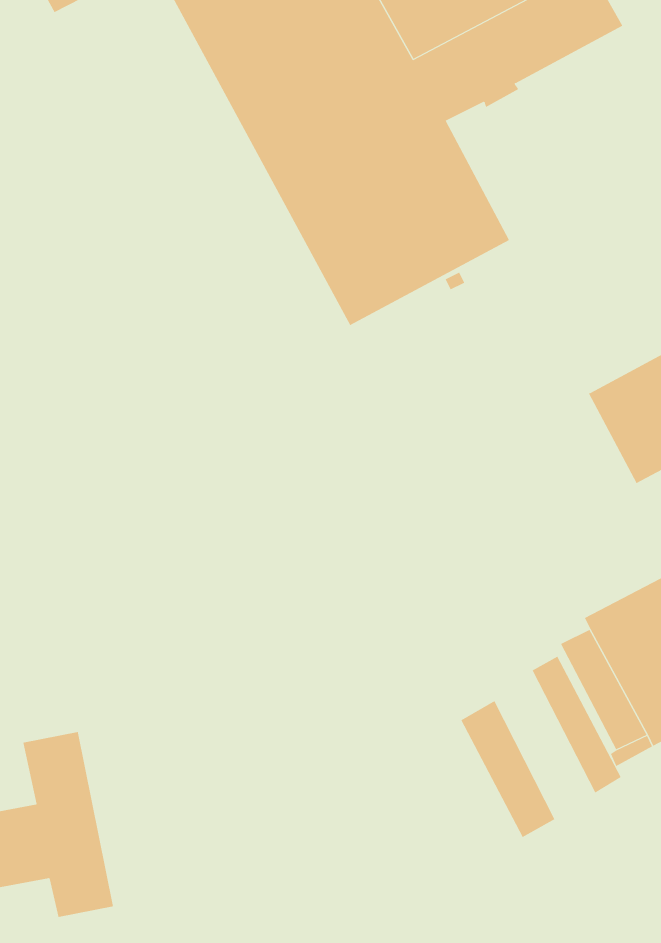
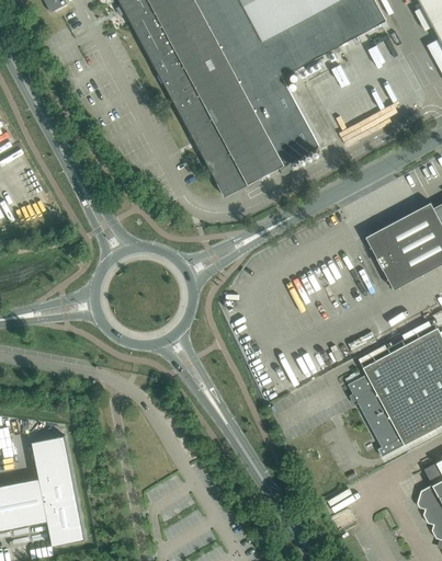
building: [532,656,621,793] -> none
building: [460,700,555,838] -> none

